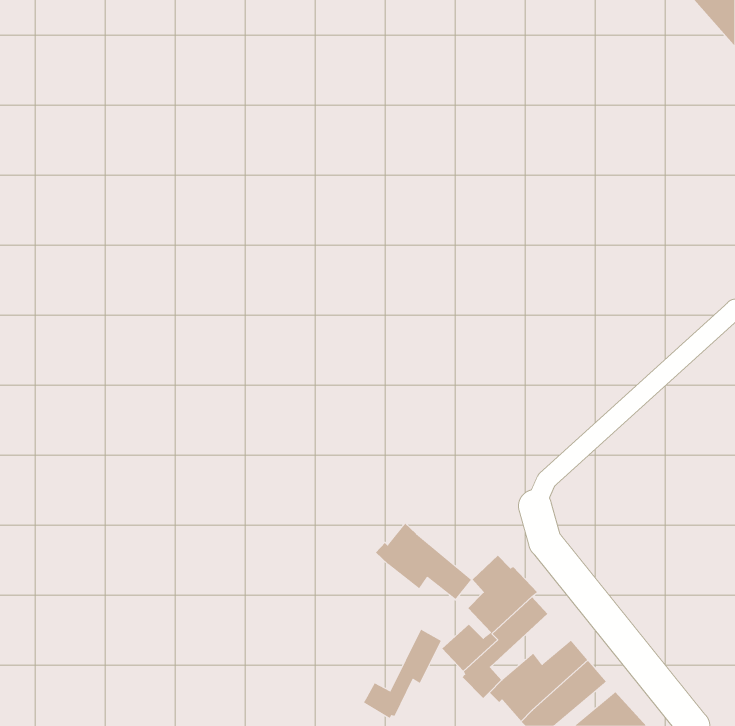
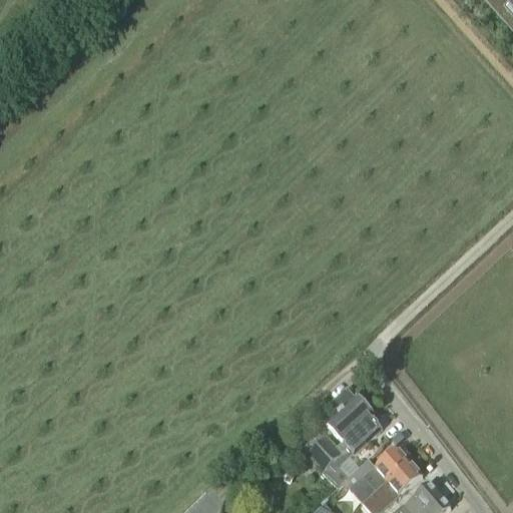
building: [375,523,472,600] -> none
building: [363,629,442,719] -> none

